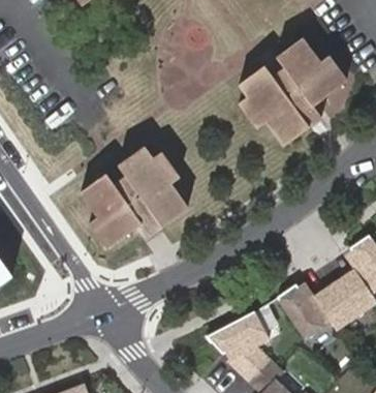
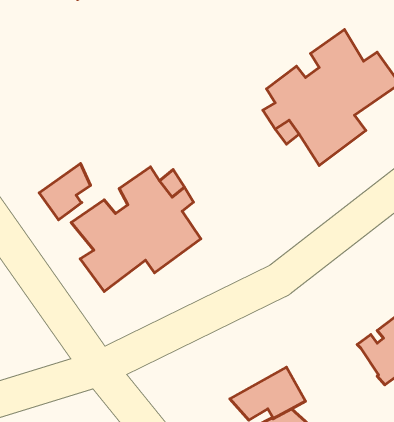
building: none -> [39,163,90,220]
building: [279,284,331,335] -> none

